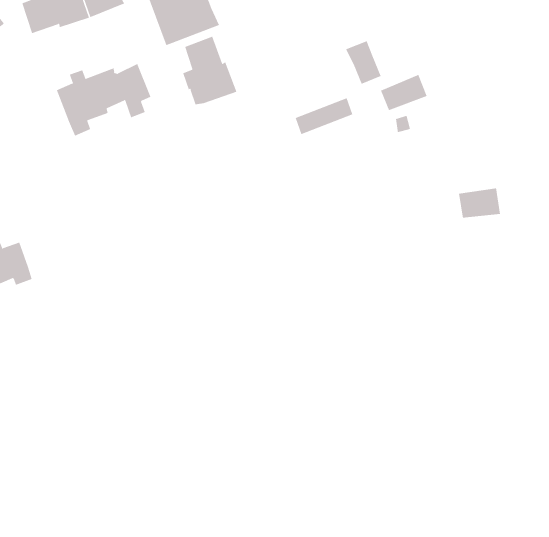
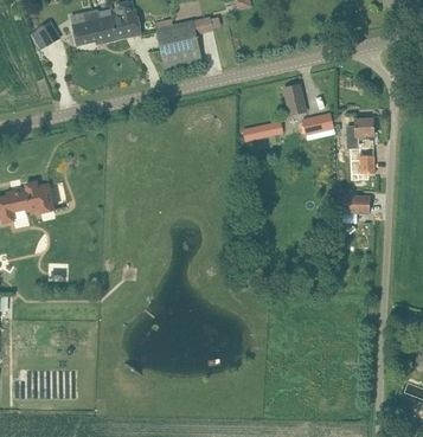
building: [182,36,237,105] -> none
building: [56,63,151,137] -> none
building: none -> [346,118,373,173]

